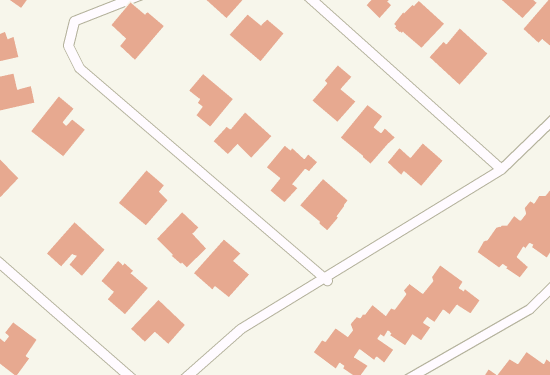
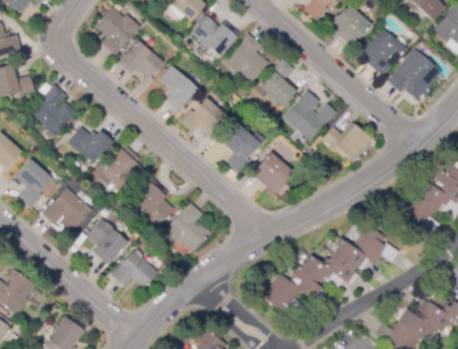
building: none -> [223,32,269,81]
building: none -> [119,40,163,77]
building: none -> [388,49,442,102]
building: none -> [68,127,113,163]
building: none -> [14,158,53,207]

